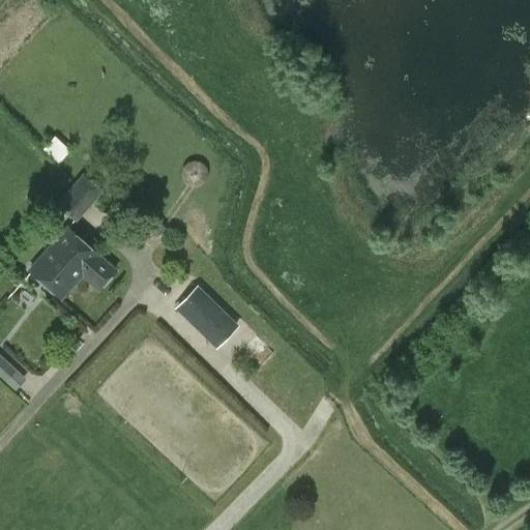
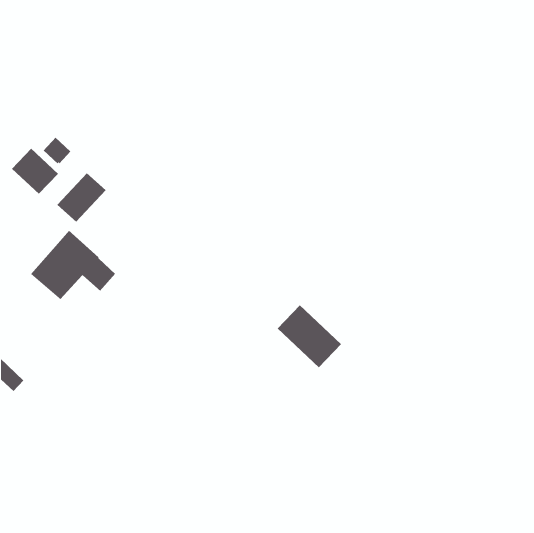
building: none -> [11,148,59,195]
building: [175,286,239,349] -> [277,304,342,368]

